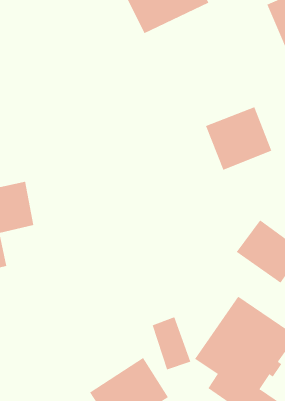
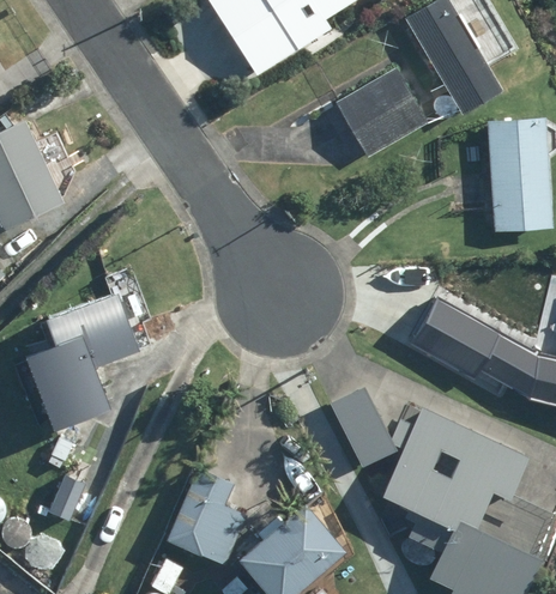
building: [205,106,272,170] -> [336,68,428,158]
building: [152,317,191,370] -> [333,392,392,463]
building: none -> [161,467,240,563]

